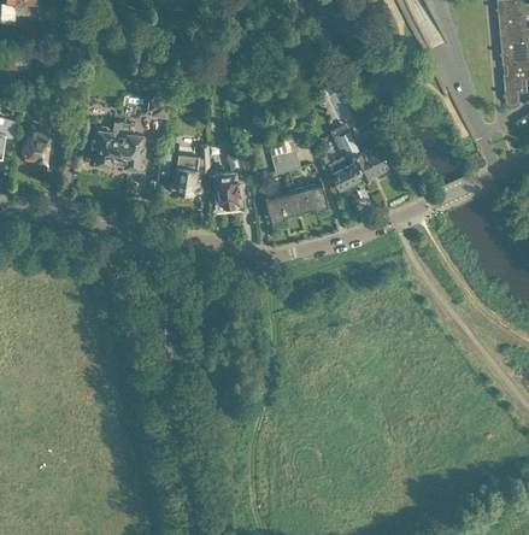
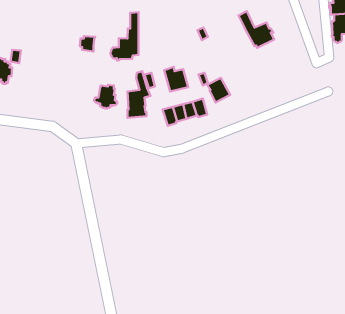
building: none -> [111,12,139,60]
building: [90,122,145,167] -> none
building: [336,129,387,181] -> [238,11,274,48]

